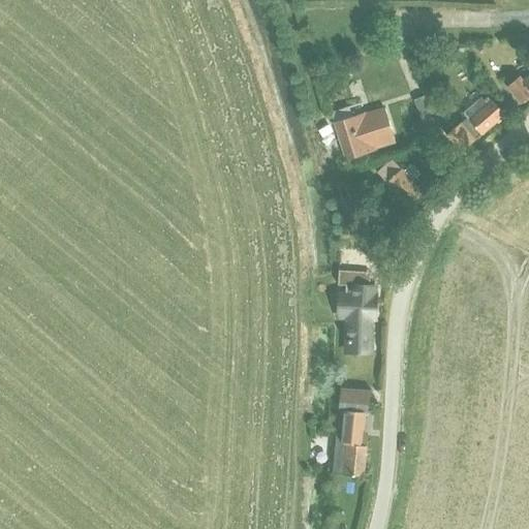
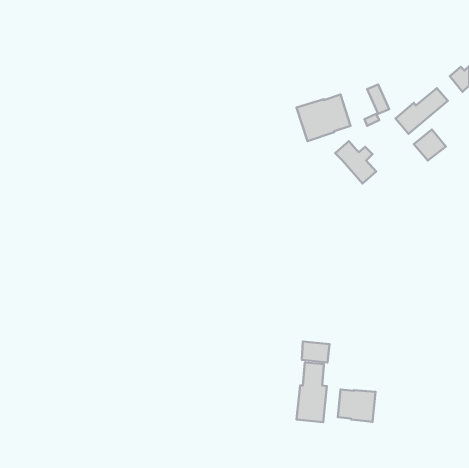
building: none -> [414,129,446,161]
building: [335,269,376,339] -> none
building: none -> [338,389,375,422]

